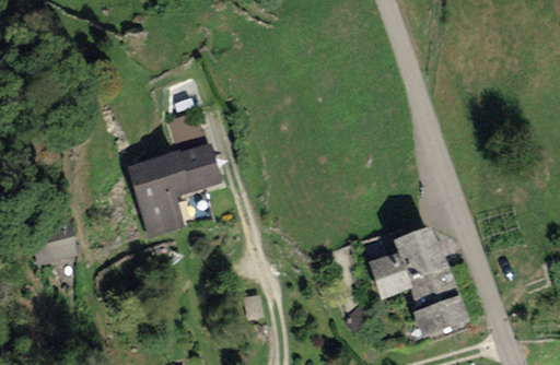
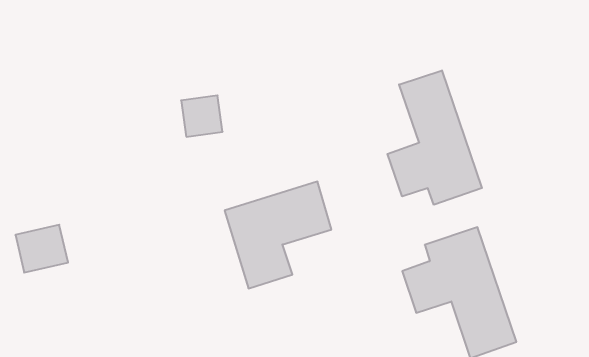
building: none -> [387,70,482,205]
building: [128,143,221,236] -> [225,182,331,288]

